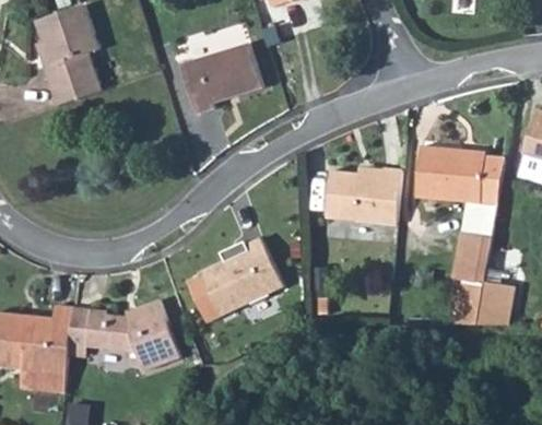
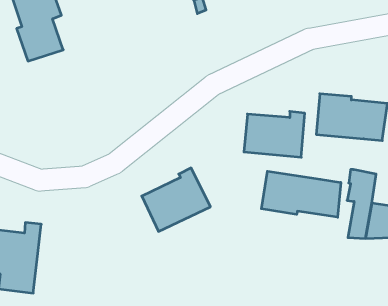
building: [180,43,261,114] -> none
building: [460,201,496,245] -> none
building: none -> [261,171,341,217]
building: [69,299,178,370] -> none

